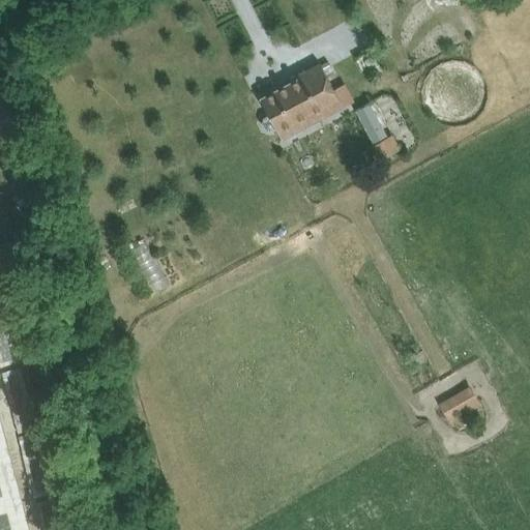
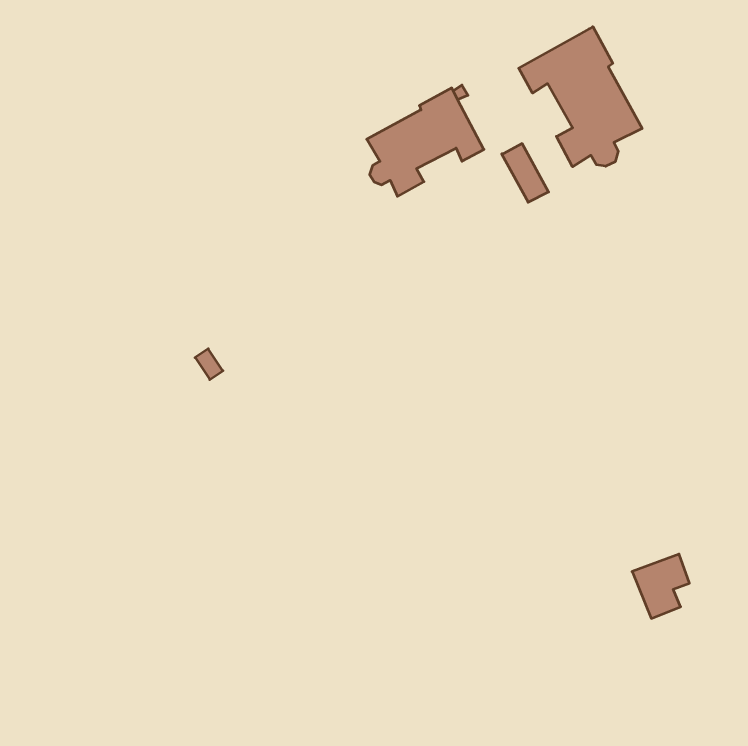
building: none -> [519,27,642,167]

